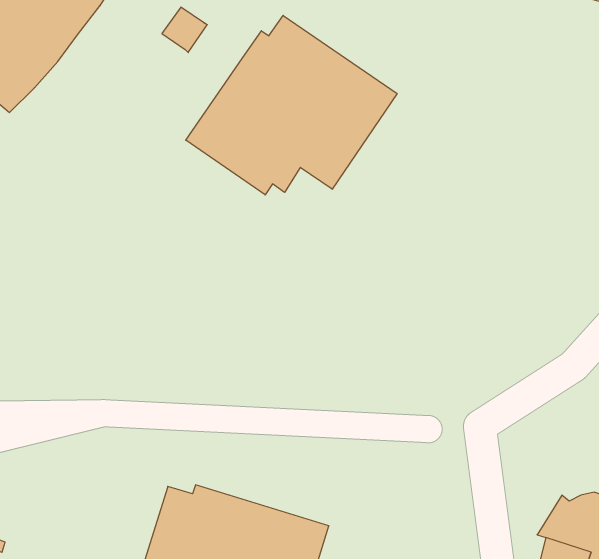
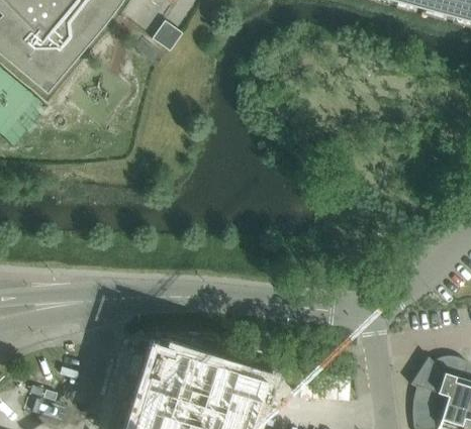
building: [186,15,397,195] -> none

